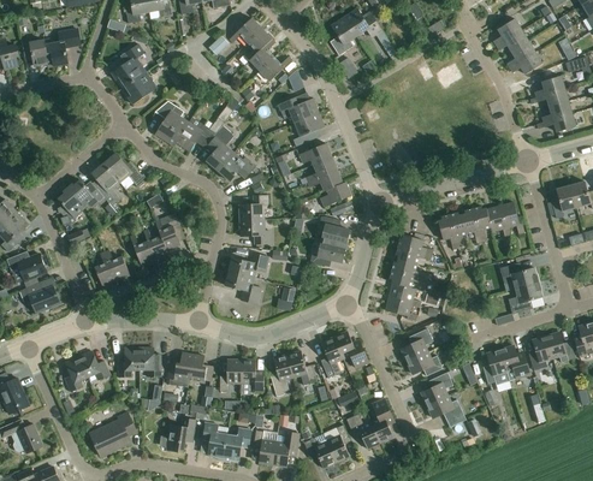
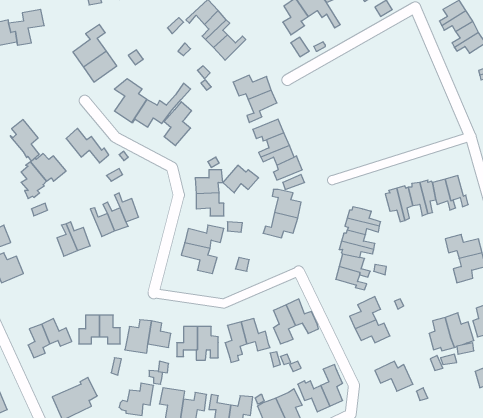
building: [218,152,255,180] -> [223,165,259,193]
building: [90,162,120,206] -> [10,120,39,161]
building: [420,370,452,404] -> none

